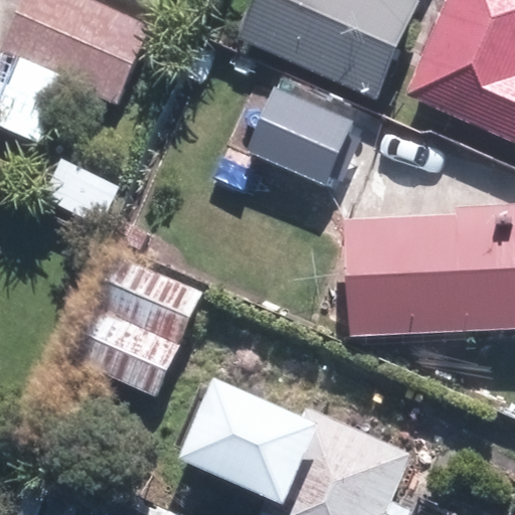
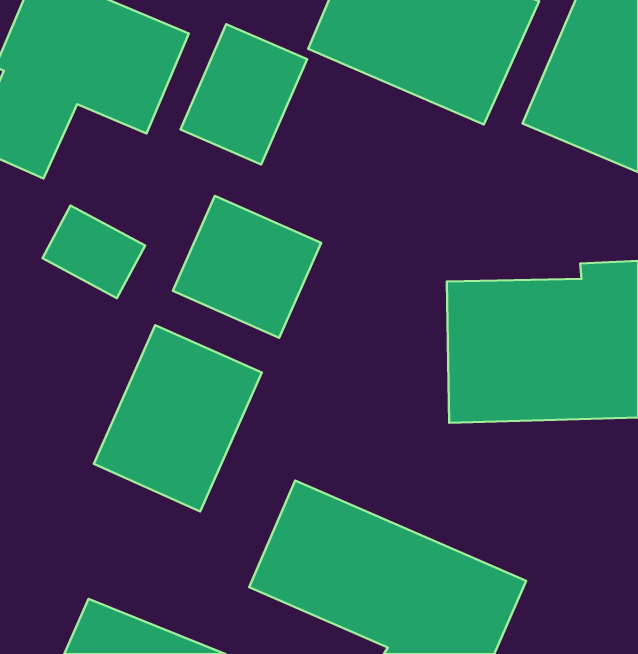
building: none -> [181,24,307,165]
building: [242,82,351,187] -> none
building: none -> [173,196,321,338]

